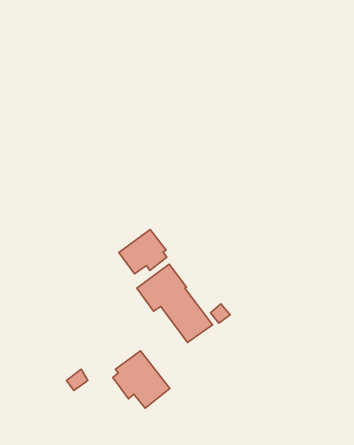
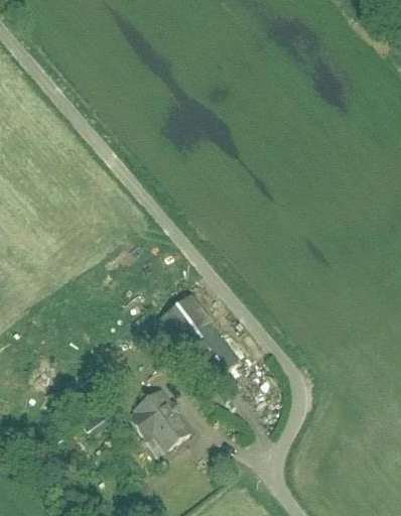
building: [119,229,167,274] -> none

